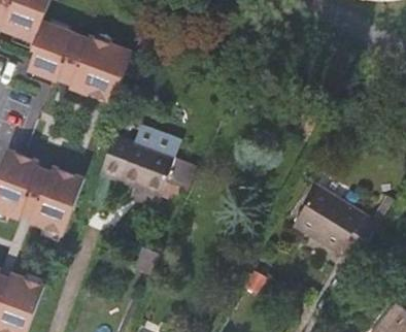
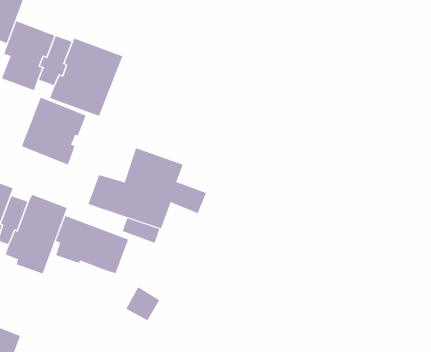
building: none -> [21,97,86,165]
building: [290,181,375,254] -> none
building: none -> [55,215,129,274]

